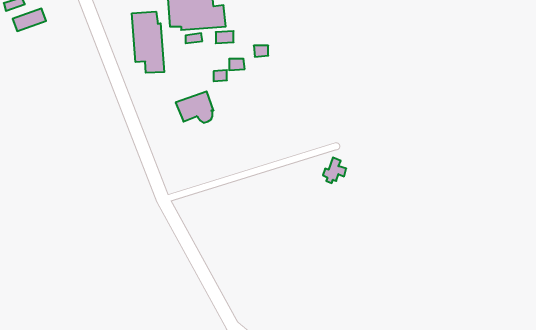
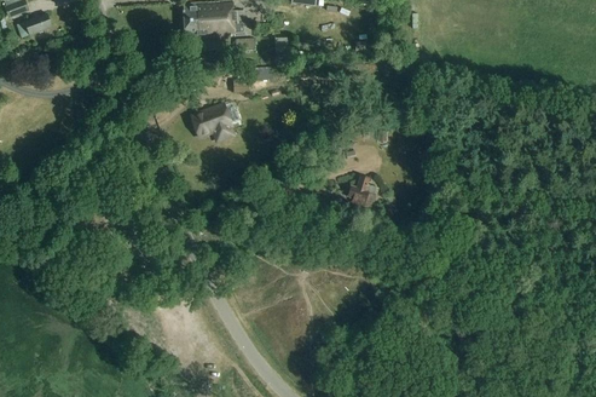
building: [132,12,164,73] -> none

